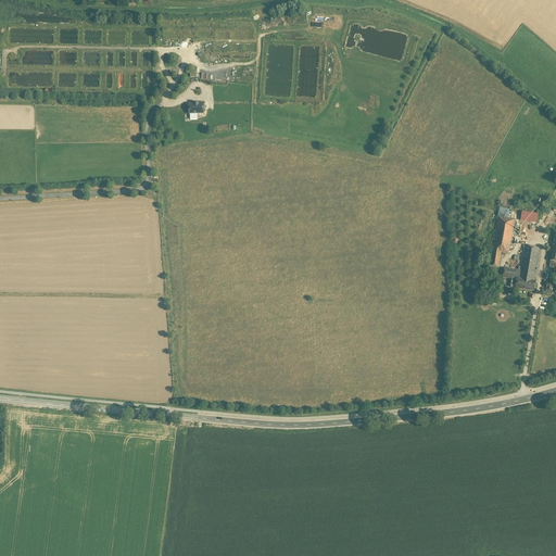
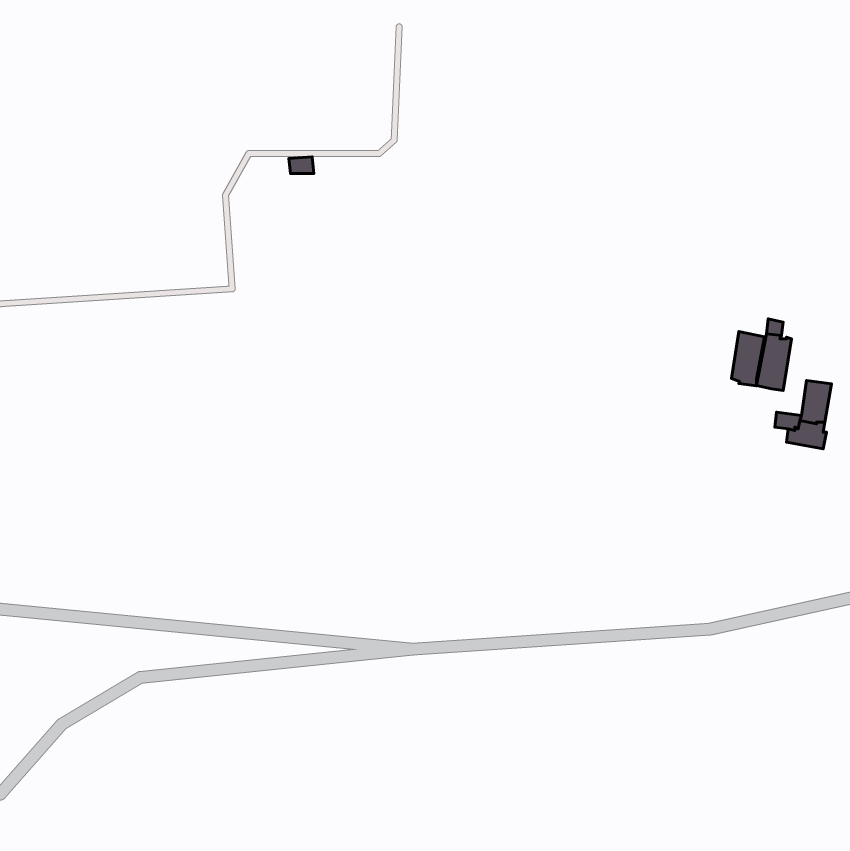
building: none -> [731,332,764,386]

